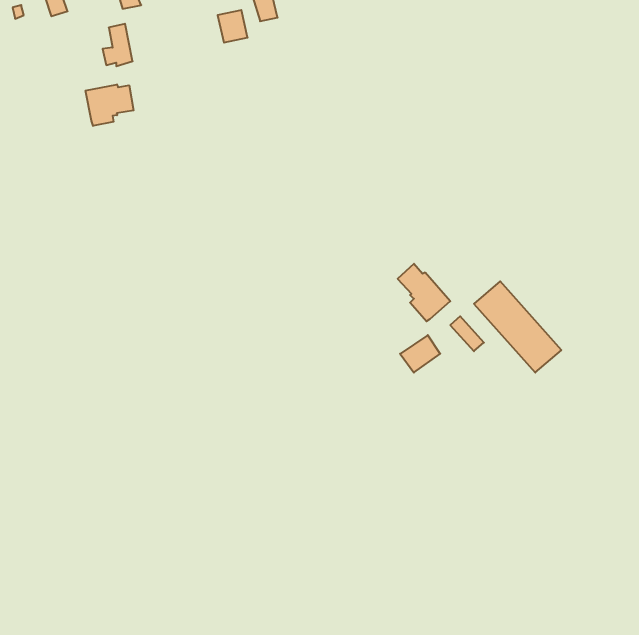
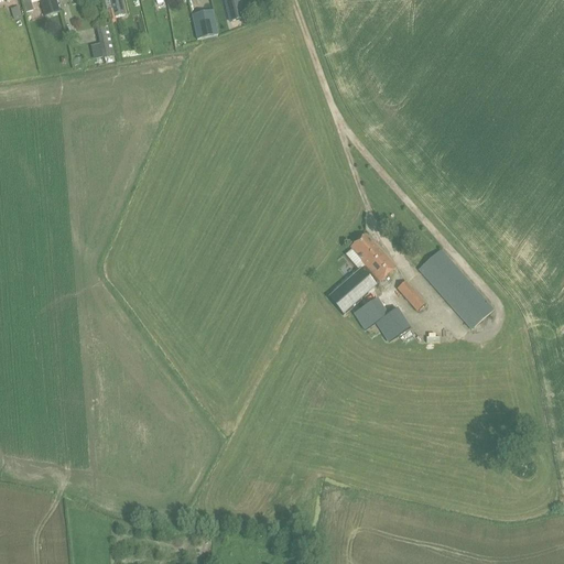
building: [86,84,134,126] -> none
building: none -> [328,265,377,313]
building: none -> [377,306,411,340]

